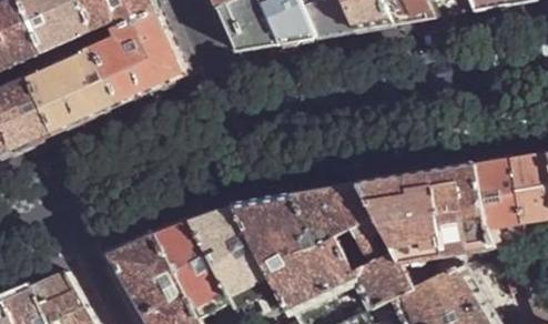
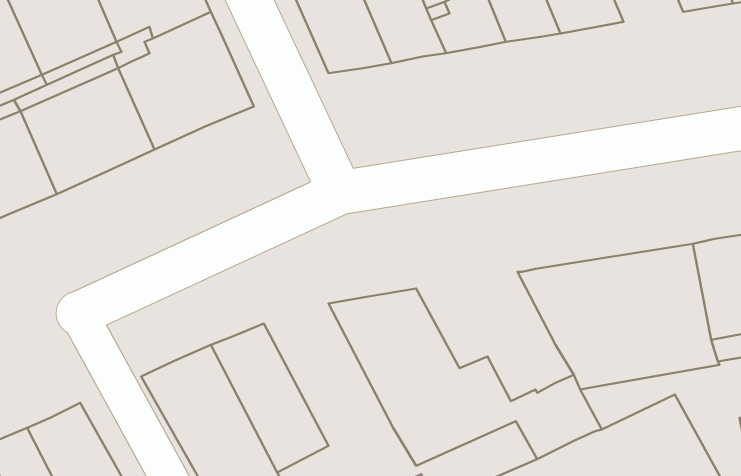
building: [292,183,385,264] -> none
building: [190,204,276,305] -> none

